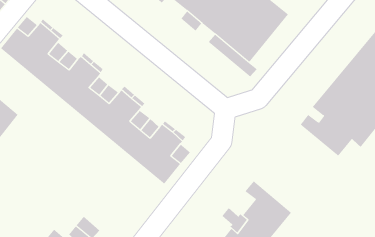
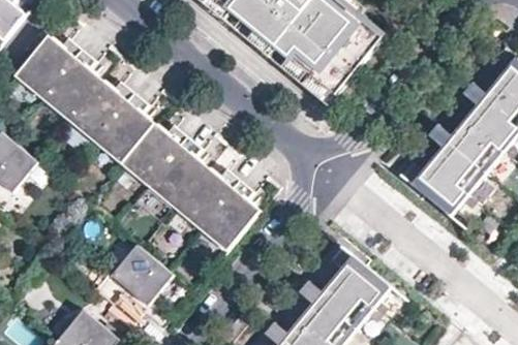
building: none -> [112,245,174,306]

